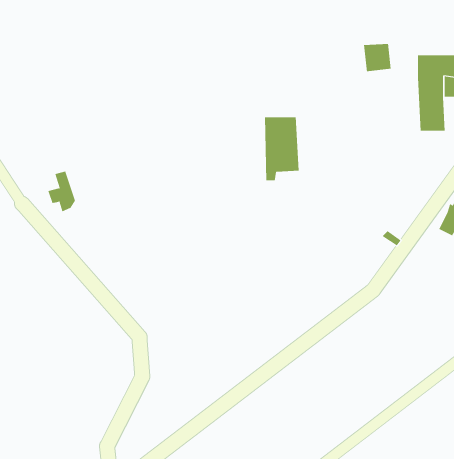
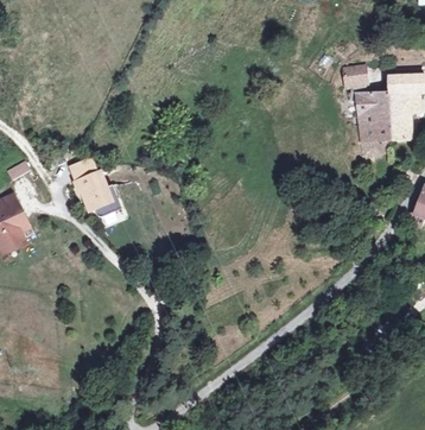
building: [264,117,299,181] -> [361,94,391,147]

